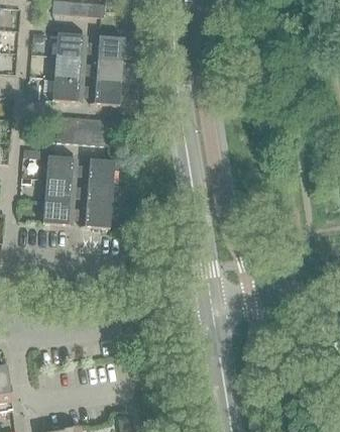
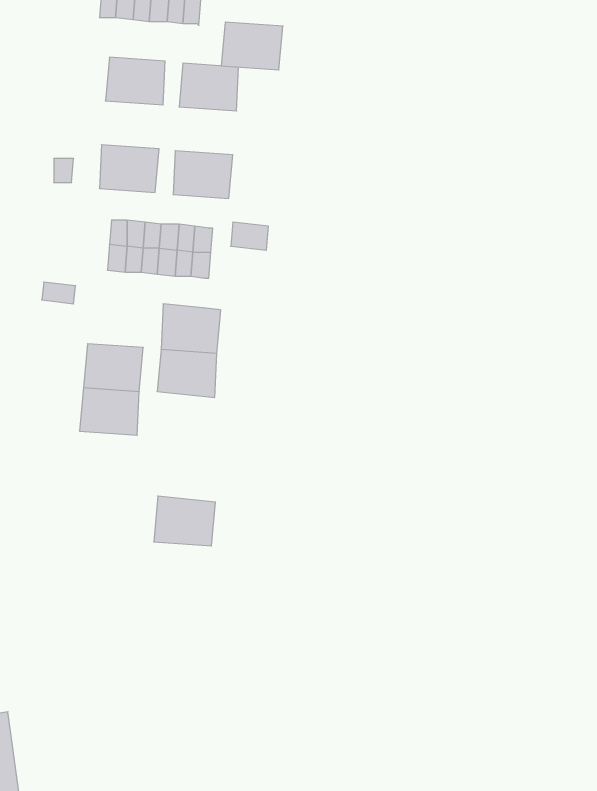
building: [54,55,86,79] -> none
building: [92,58,123,82] -> [221,22,283,70]
building: [47,155,78,180] -> none
building: [81,202,112,227] -> [154,496,215,546]

